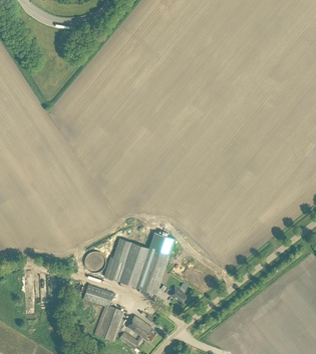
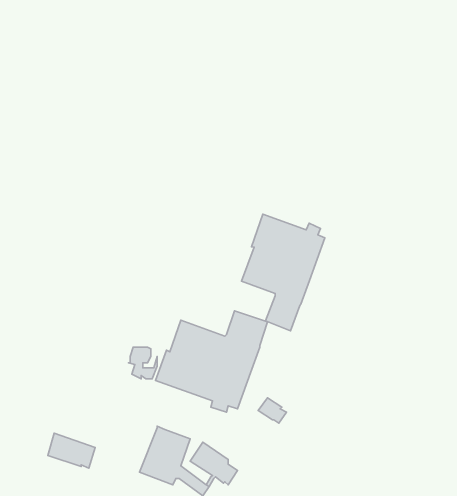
building: none -> [242,214,325,331]
building: [83,284,113,306] -> [48,433,95,468]

